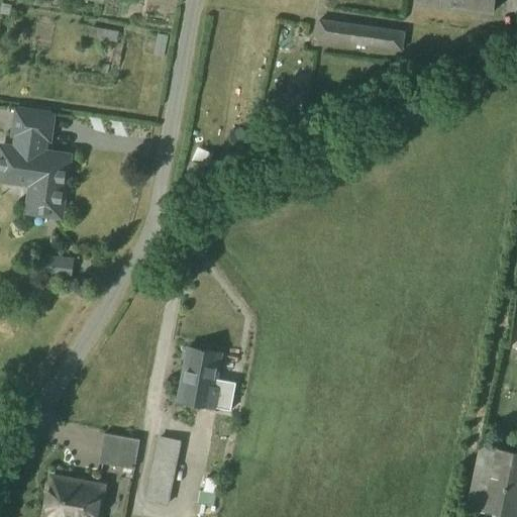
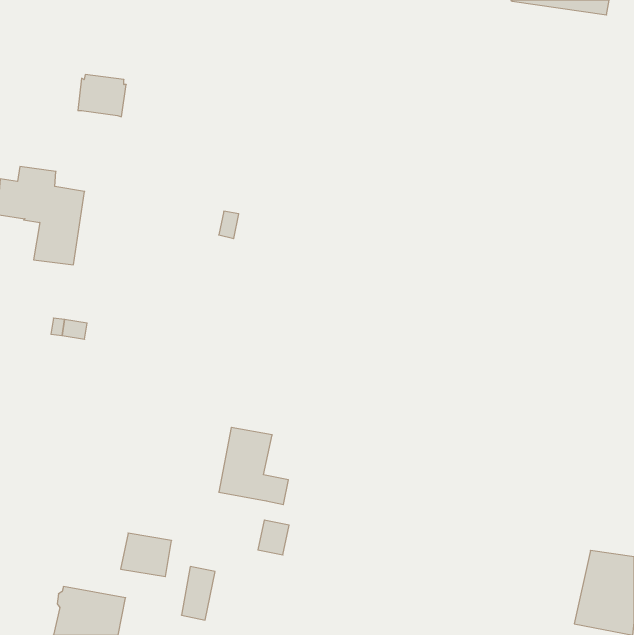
building: [316,20,404,49] -> none
building: [13,106,53,140] -> [78,75,126,117]
building: [154,436,180,464] -> [258,520,289,555]

